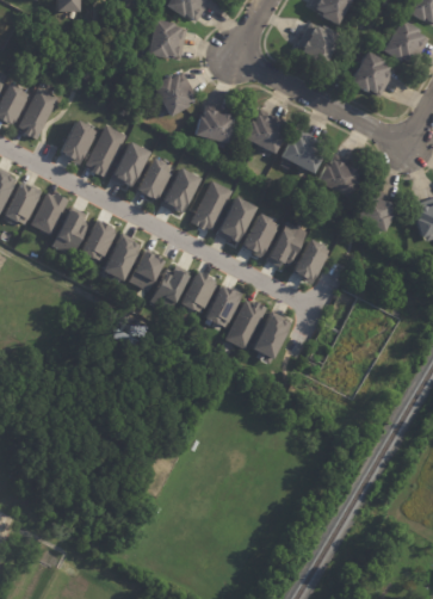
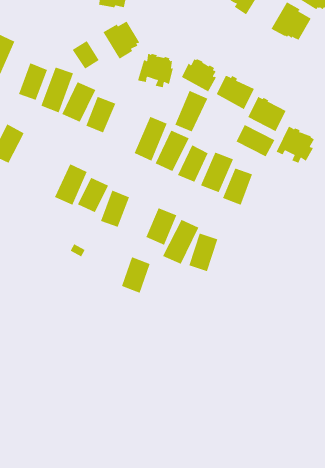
building: none -> [72,40,99,70]
building: [161,167,199,215] -> [174,90,208,132]
building: none -> [236,124,275,157]
building: [51,210,87,255] -> none
building: [80,218,116,263] -> none
building: [181,270,215,311] -> [121,257,151,293]

